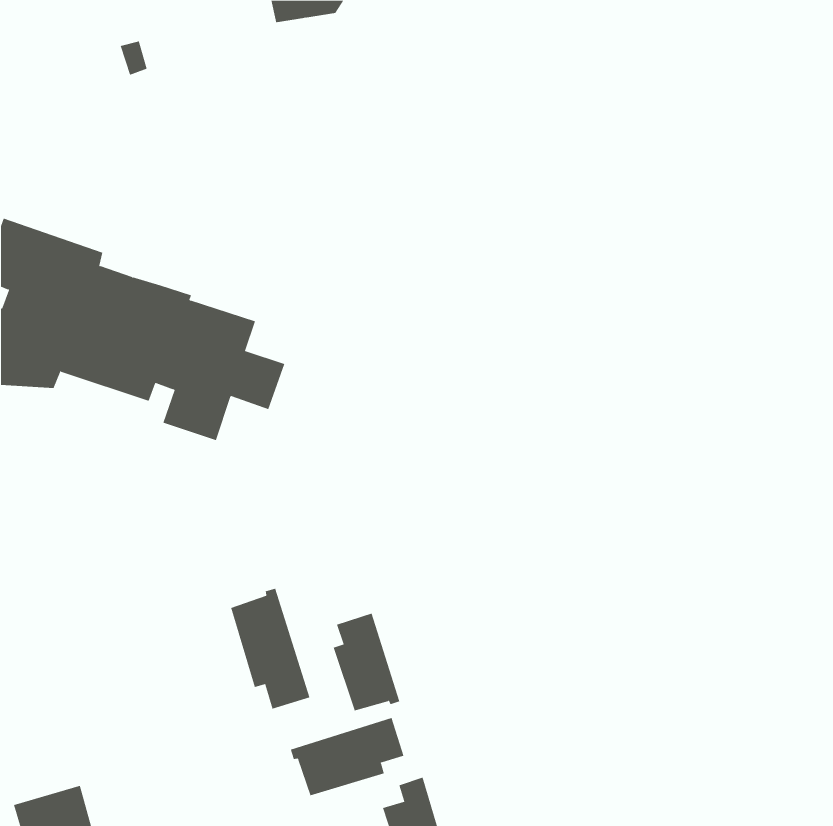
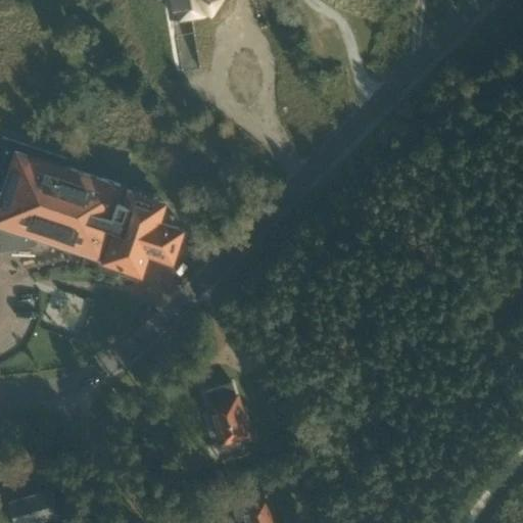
building: [230,588,310,710] -> none
building: [290,717,404,796] -> none

